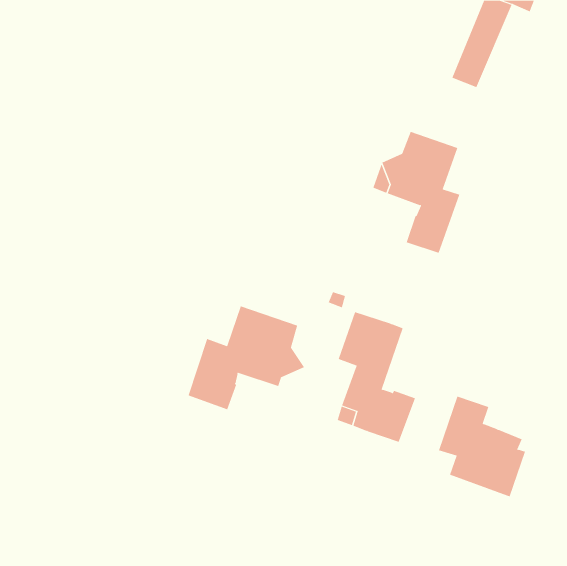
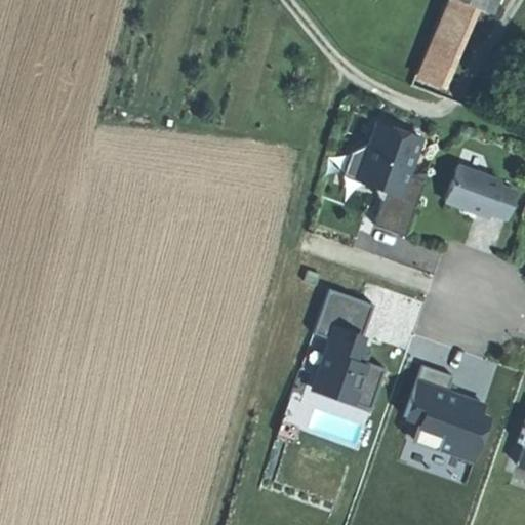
building: none -> [446,166,518,219]
building: [188,305,305,410] -> none

